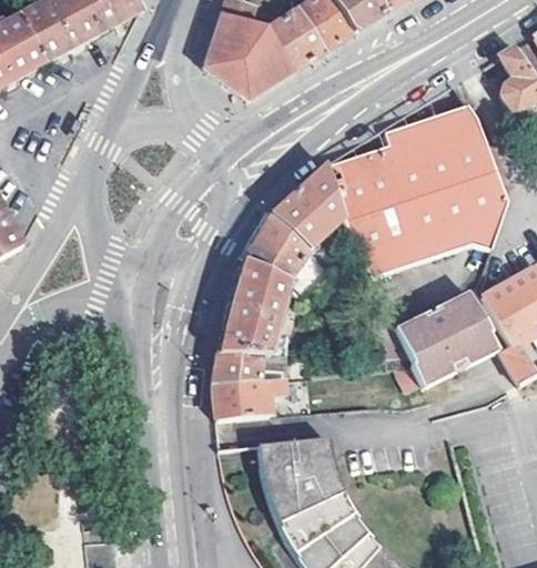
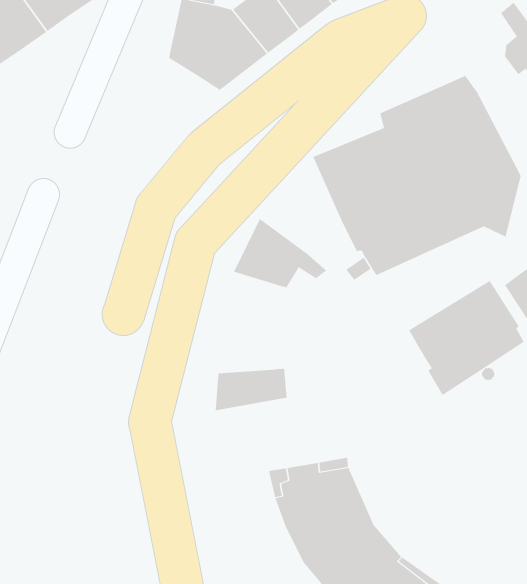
building: [271,165,343,251] -> none
building: [221,261,288,351] -> none
building: [215,377,283,418] -> none

